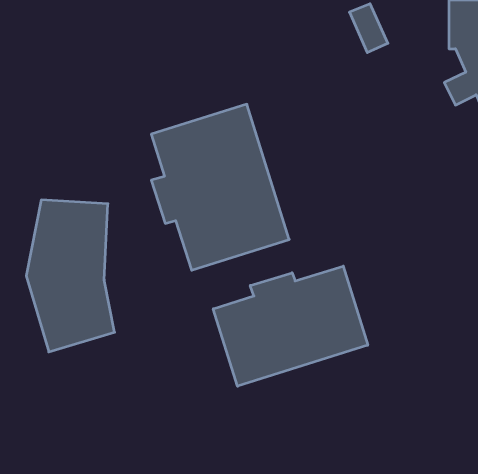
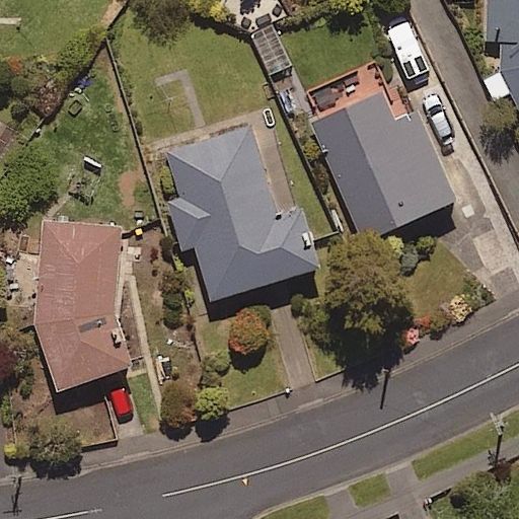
building: none -> [318,101,460,248]
building: [213,266,368,386] -> none

